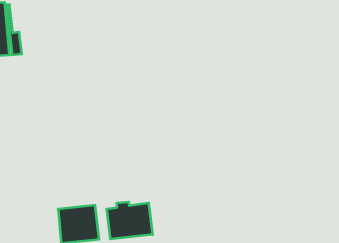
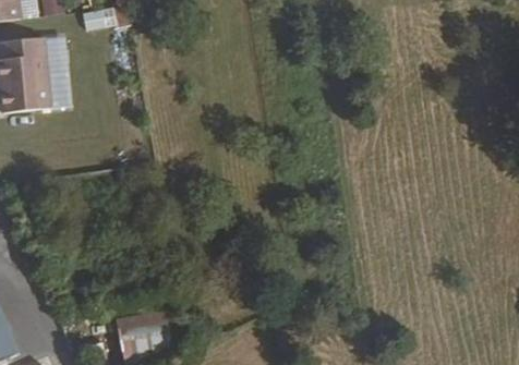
building: [107,202,153,239] -> none

